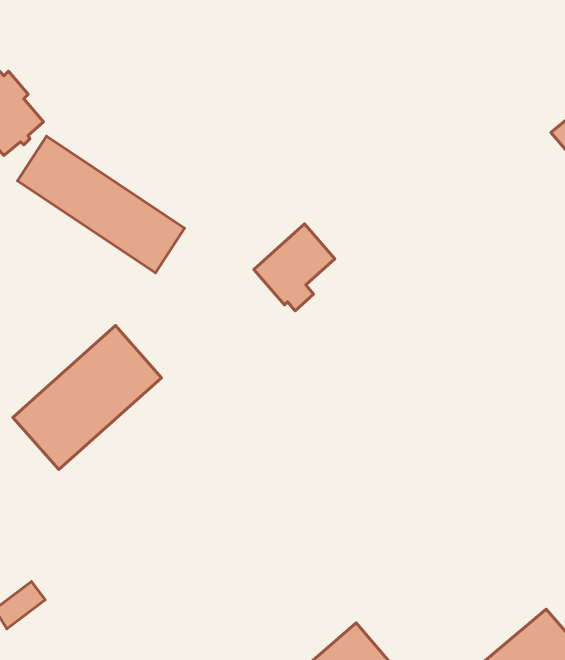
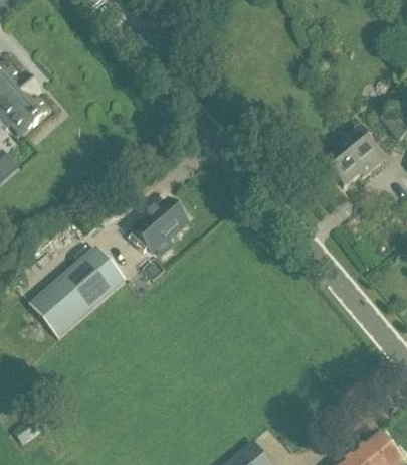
building: [18,136,185,273] -> none
building: none -> [327,127,383,186]
building: [254,224,335,311] -> [134,198,187,256]

